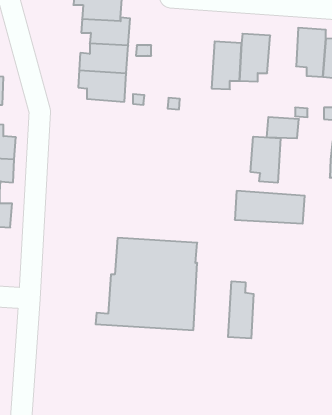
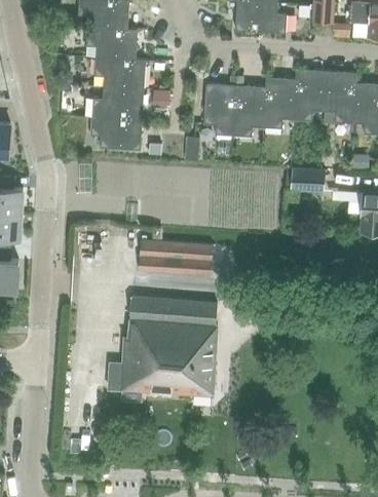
building: none -> [293,70,326,122]
building: none -> [203,84,236,137]
building: [251,137,280,183] -> none
building: [235,191,305,224] -> [139,240,214,275]
building: [228,281,254,338] -> none

